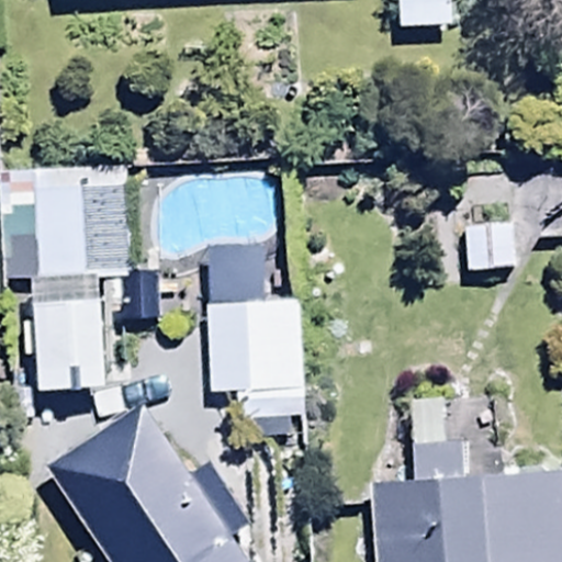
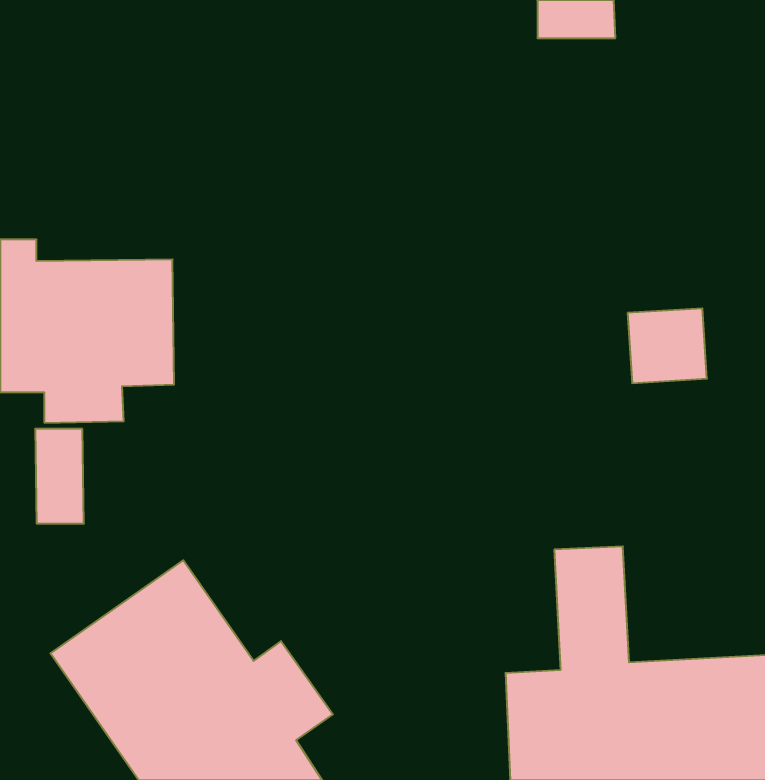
building: [207,305,302,394] -> none

